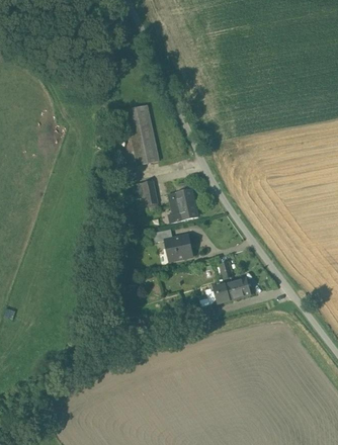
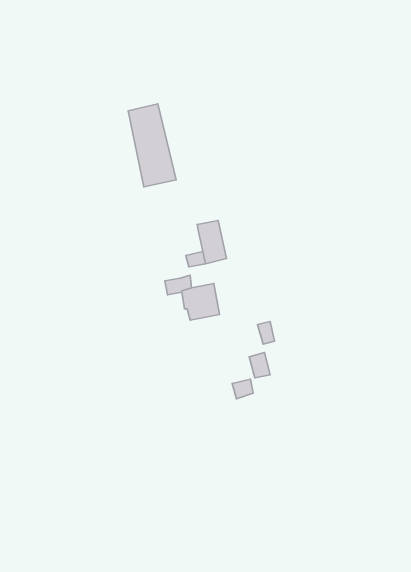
building: [132,179,158,209] -> none
building: [224,277,250,299] -> none

